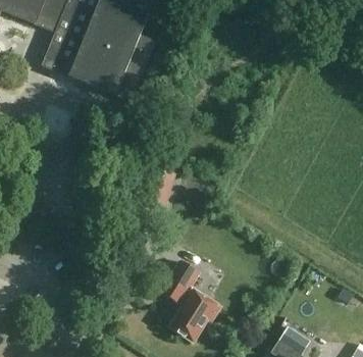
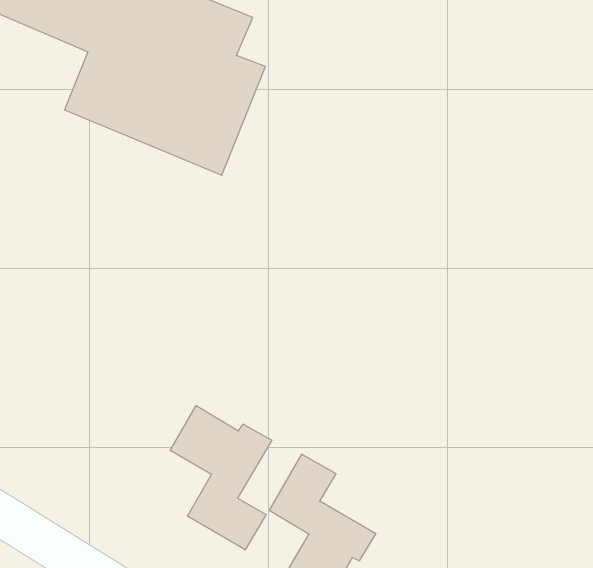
building: none -> [170,406,272,550]

